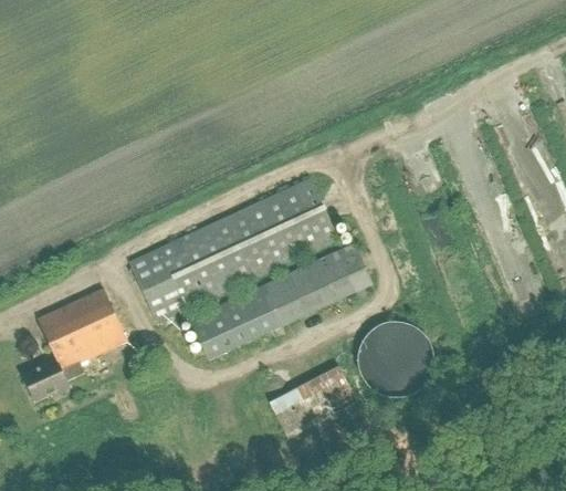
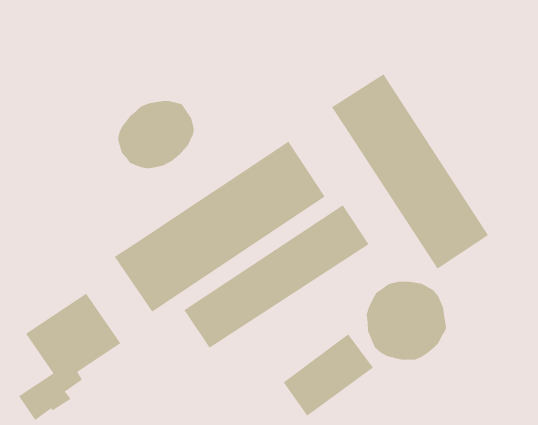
building: none -> [118,100,194,169]
building: none -> [331,73,489,270]

